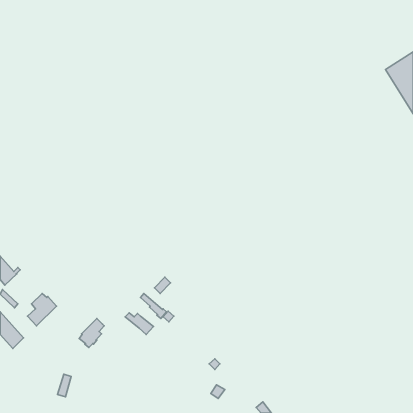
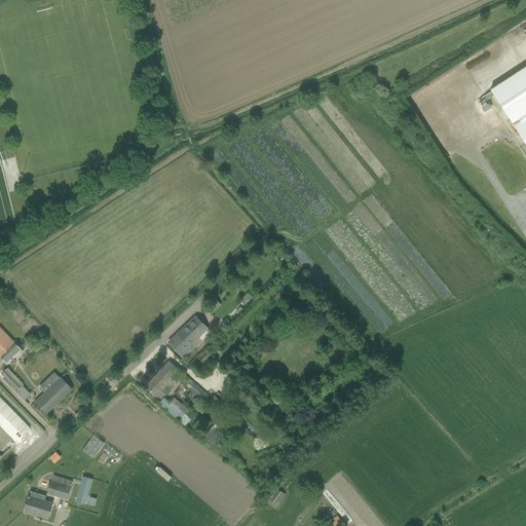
building: none -> [168,317,206,358]
building: [79,318,104,348] -> [147,362,179,399]
building: none -> [43,473,73,499]
building: none -> [24,494,52,519]

